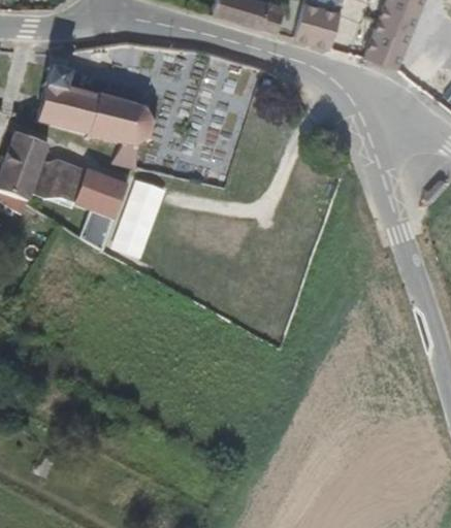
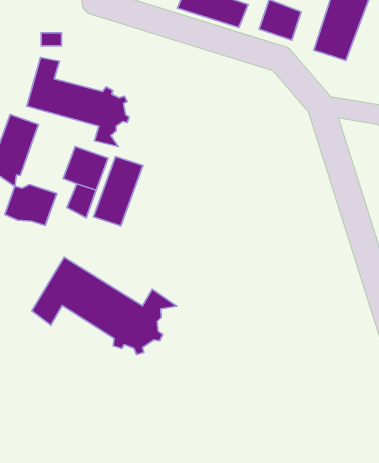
building: [32,155,91,201] -> [5,184,57,226]
building: none -> [32,257,177,355]

